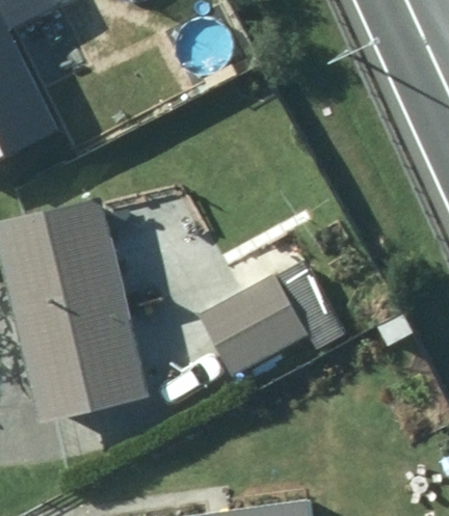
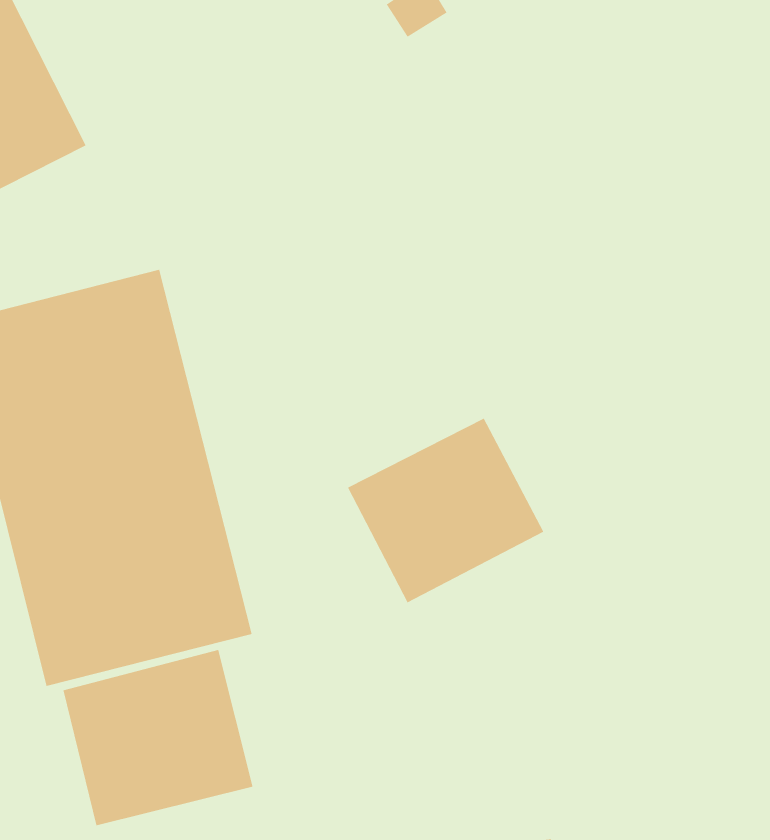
building: none -> [63,649,253,826]

